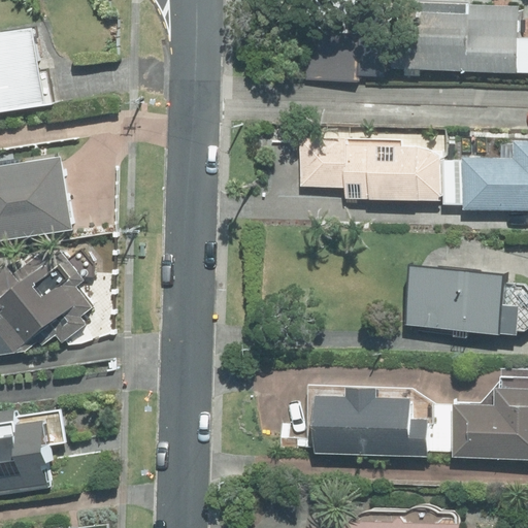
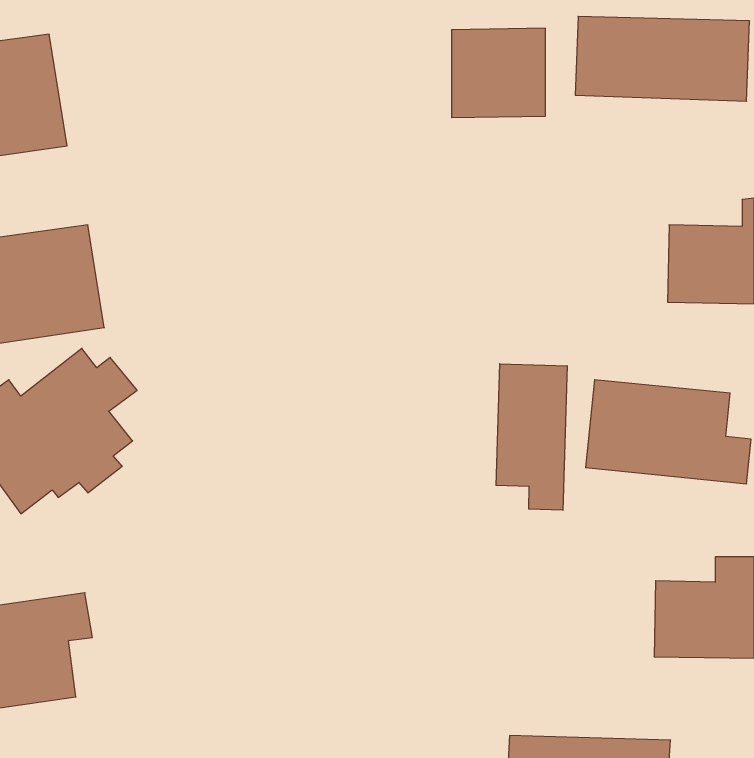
building: [297,136,440,202] -> none
building: none -> [496,364,567,510]
building: [314,388,427,457] -> none

